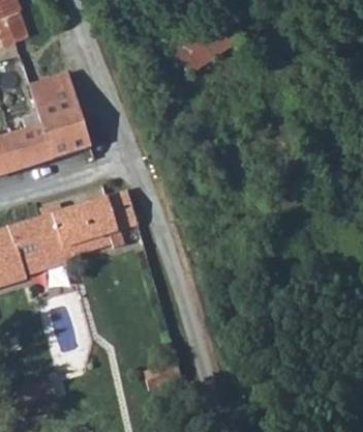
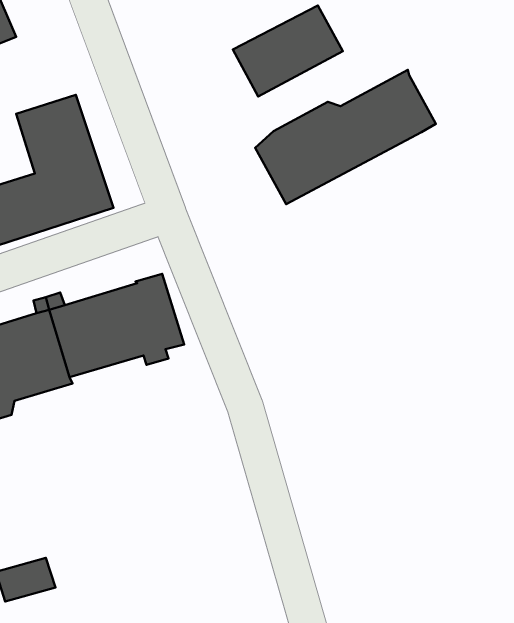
building: none -> [255,70,436,204]

